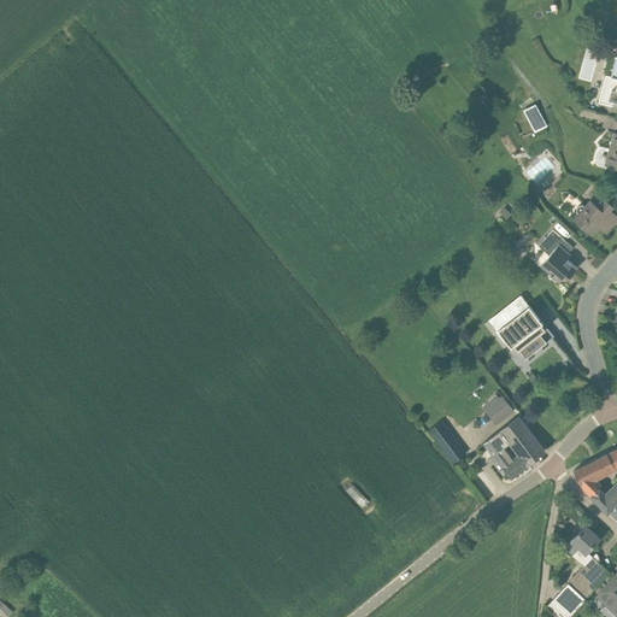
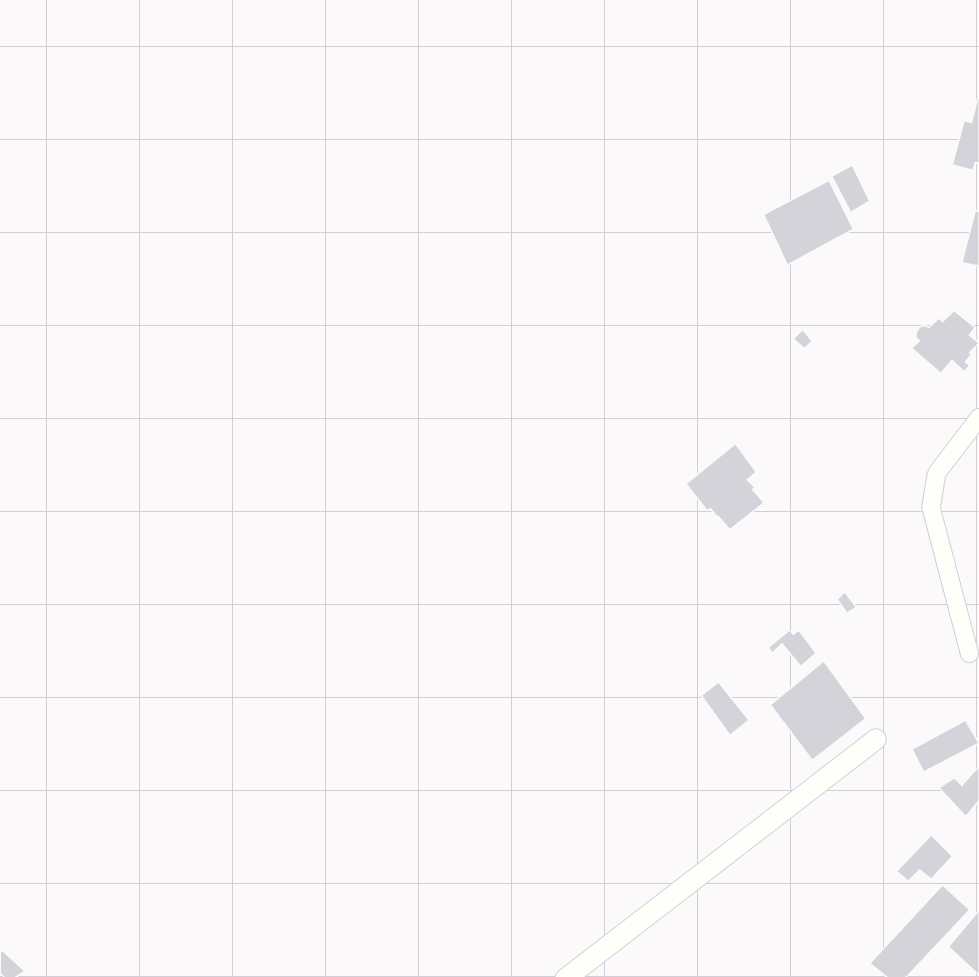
building: none -> [764,180,854,265]
building: [539,231,577,284] -> none
building: [498,306,547,360] -> [686,444,764,530]

